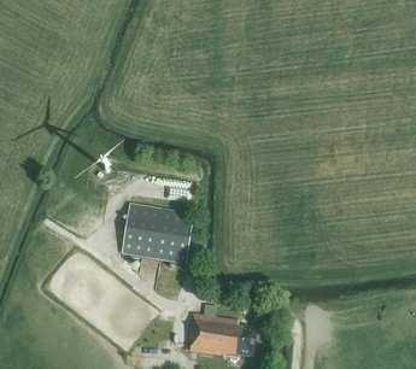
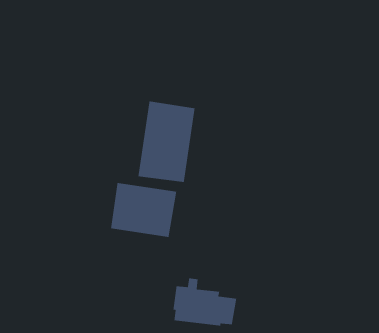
building: none -> [137,101,196,183]

